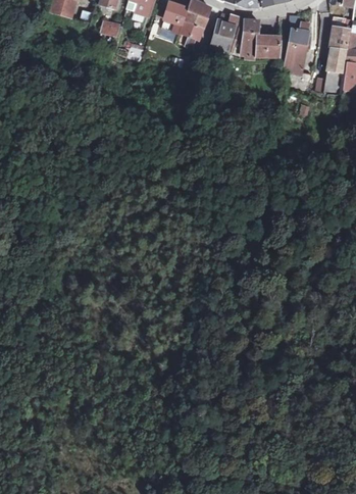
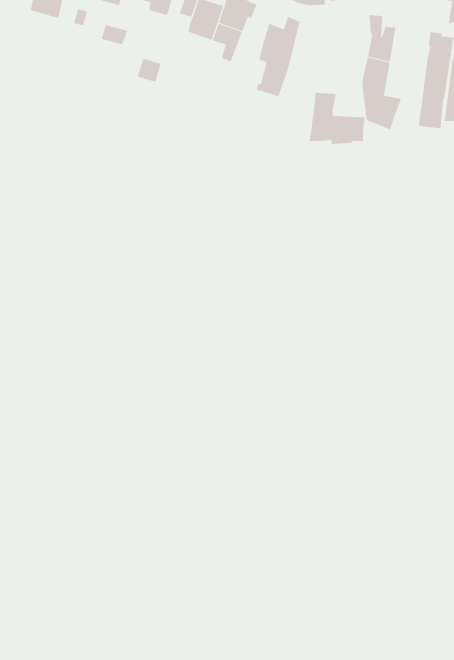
building: [241,18,281,55] -> [309,92,365,144]

